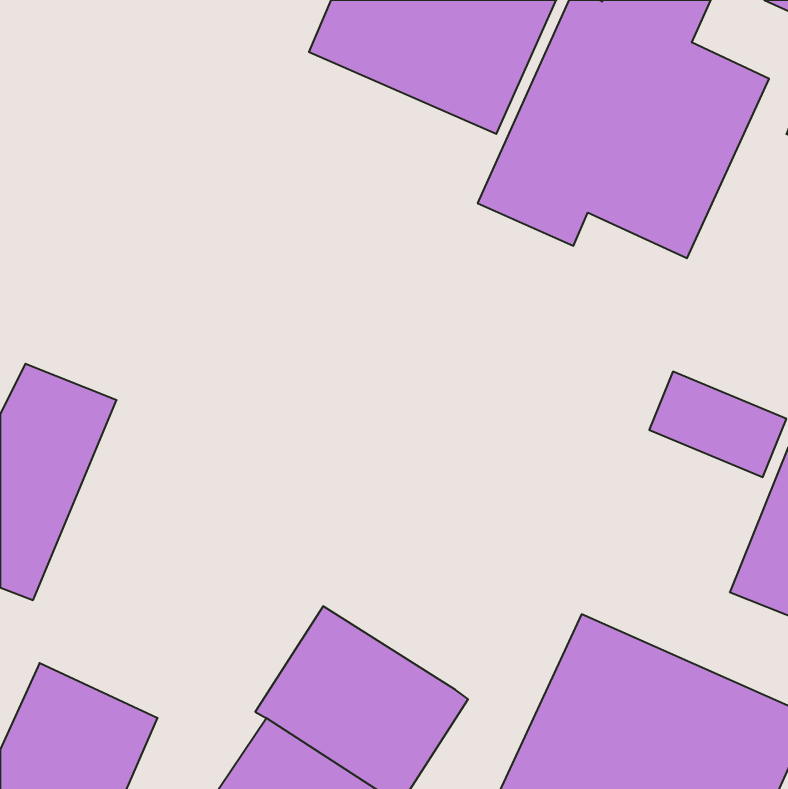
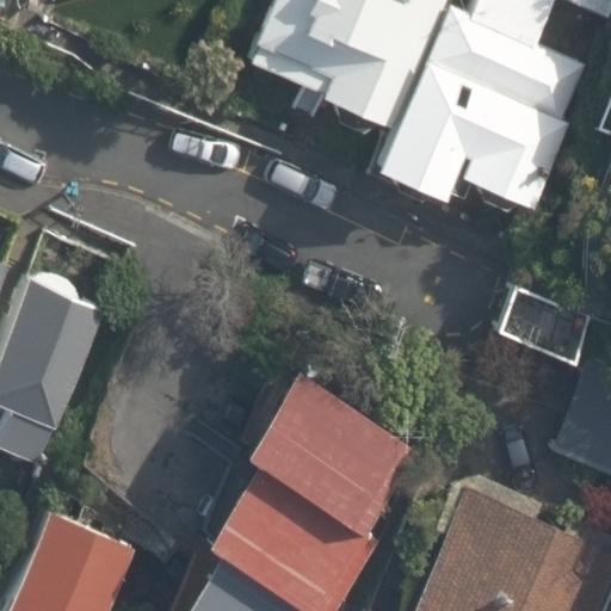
building: none -> [248,376,414,535]

